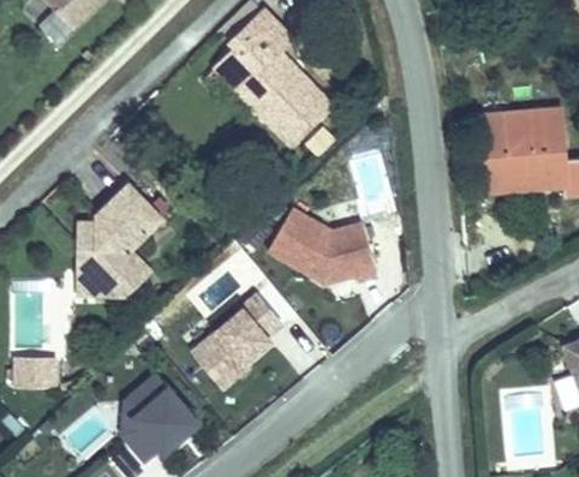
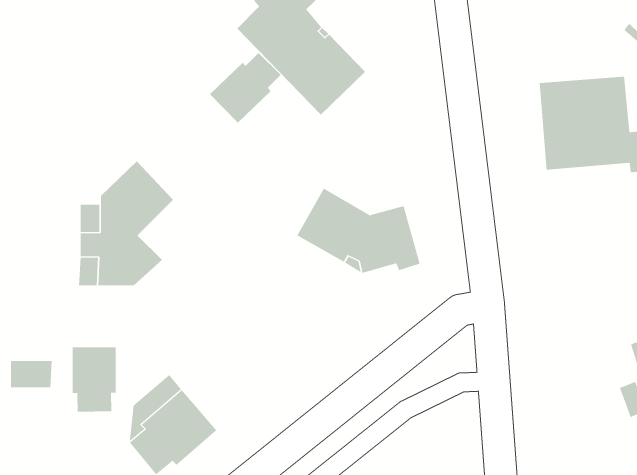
building: none -> [209,52,281,124]
building: [195,299,276,387] -> none
building: none -> [72,347,116,412]

